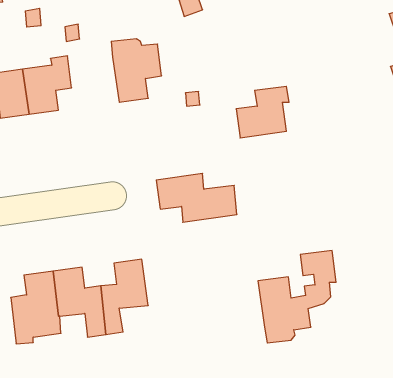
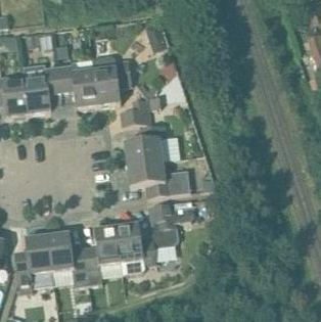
building: none -> [58,67,98,107]
building: [236,86,289,138] -> [124,125,165,165]
building: none -> [120,97,150,126]
building: [258,251,336,343] -> [116,202,176,274]

